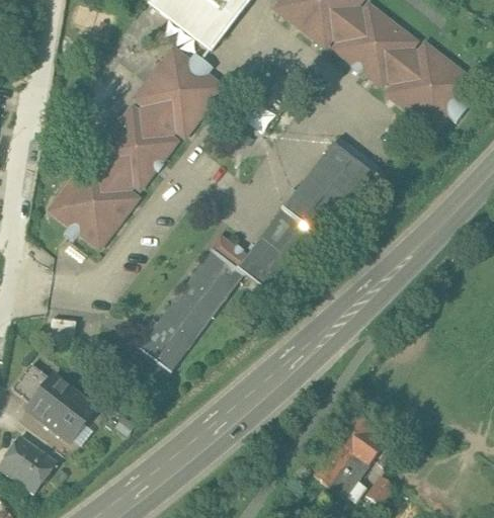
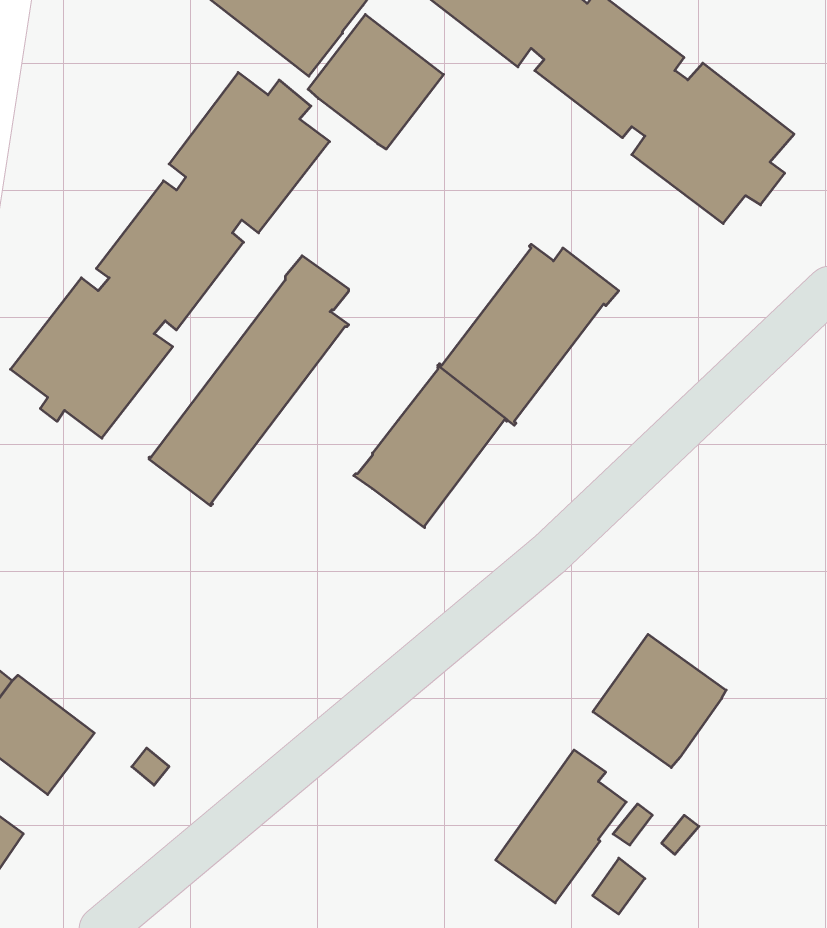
building: none -> [308,14,444,149]
building: [138,237,246,372] -> [149,256,349,506]
building: none -> [593,634,726,768]

